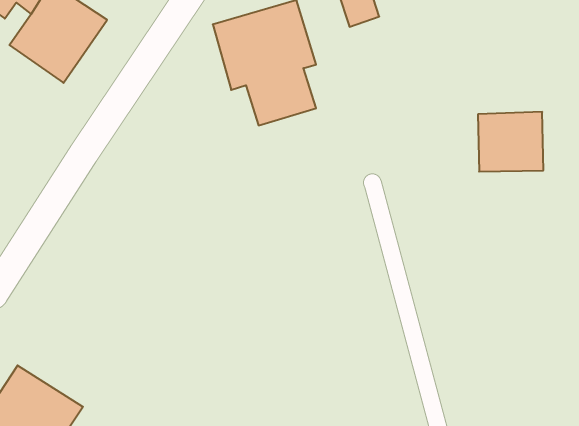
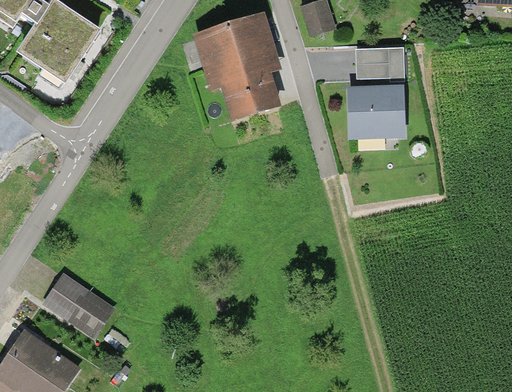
building: none -> [356,45,405,78]
building: [478,112,543,172] -> [348,83,405,135]
building: none -> [43,274,113,337]

